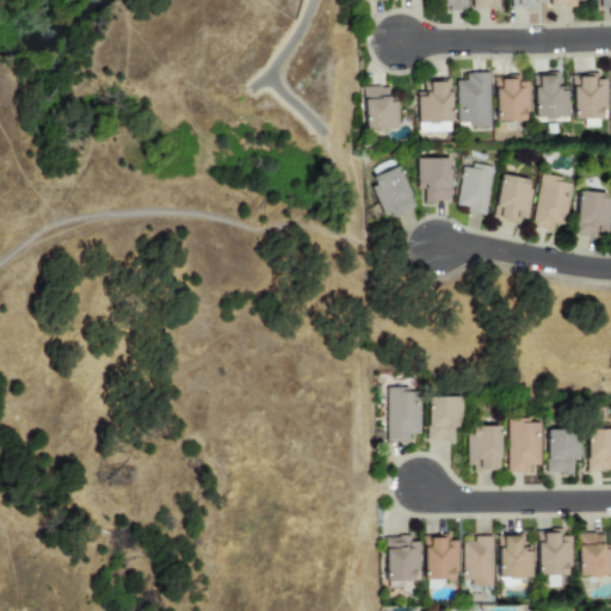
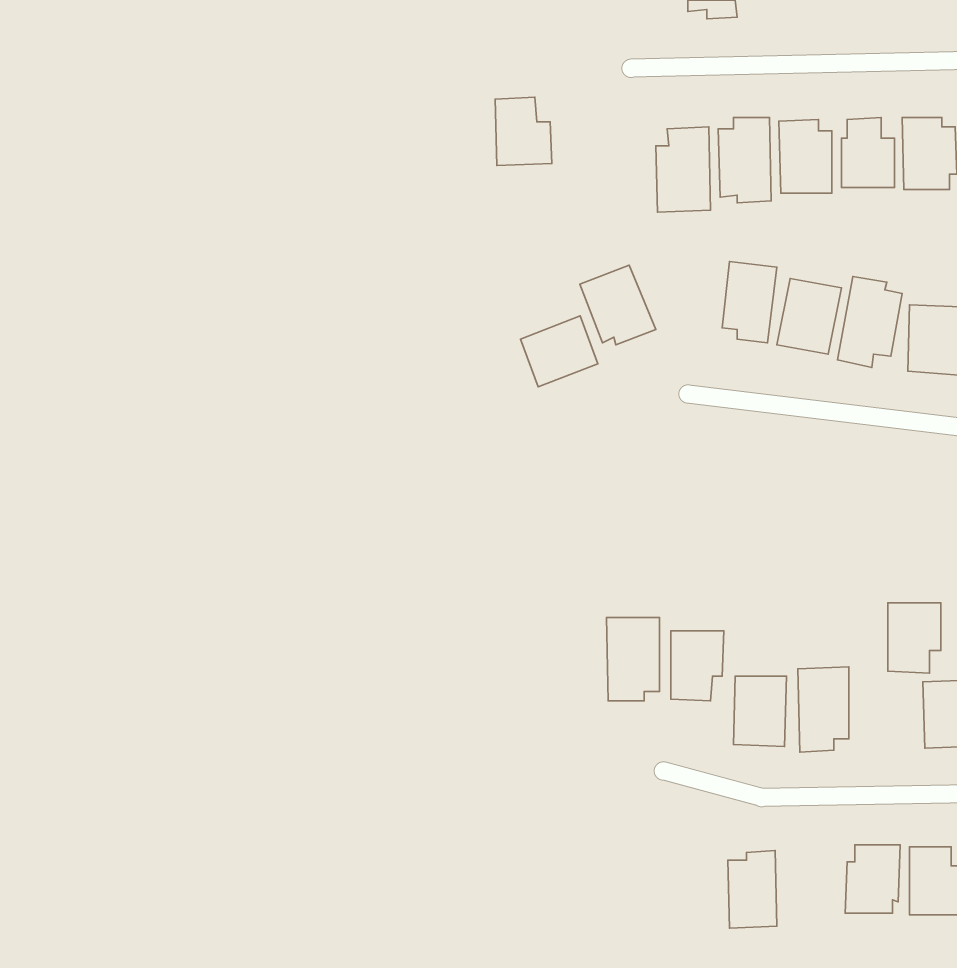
building: [365,87,401,130] -> [495,97,552,165]
building: [421,159,456,204] -> none
building: none -> [520,316,598,387]
building: [549,431,582,475] -> [888,603,941,673]
building: [427,536,461,581] -> none
building: [501,536,535,579] -> none
building: [388,537,422,582] -> none

